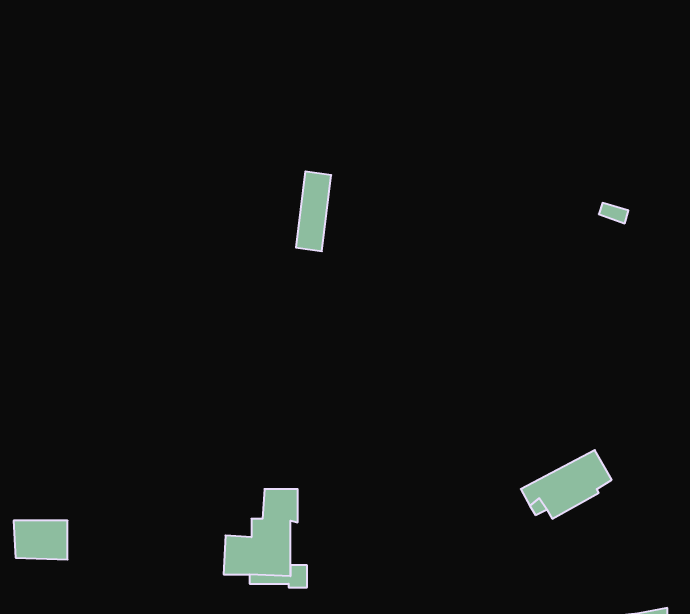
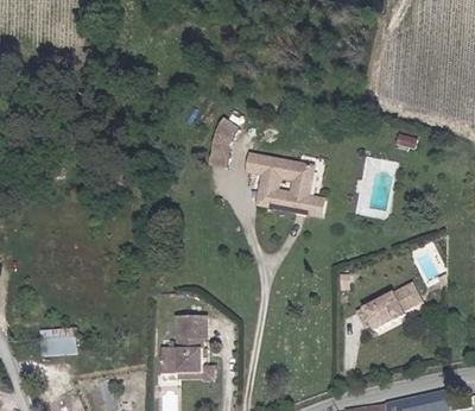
building: none -> [249,156,327,215]

